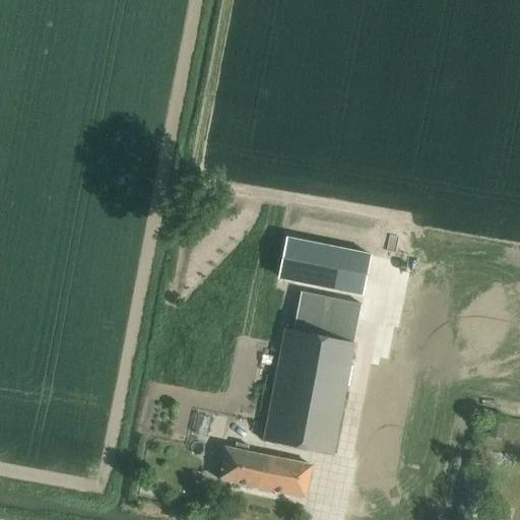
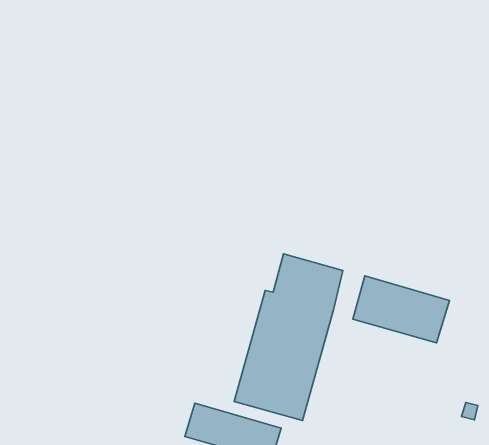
building: [277,237,371,297] -> [353,276,449,343]

